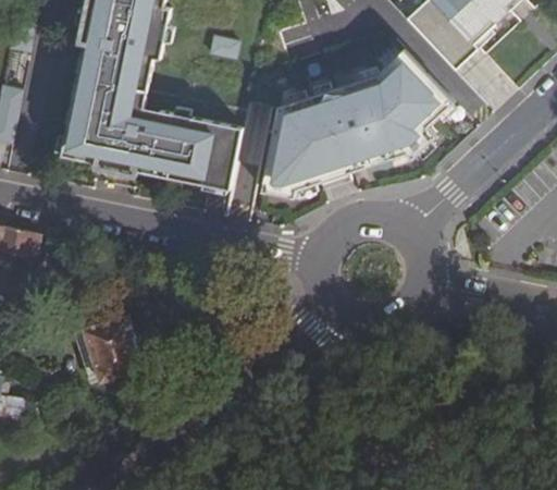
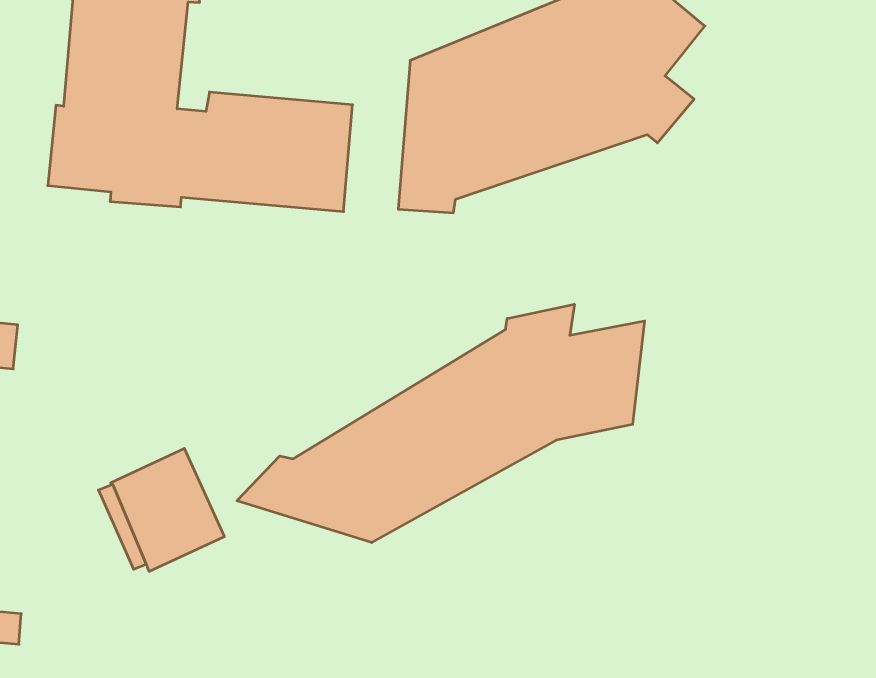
building: none -> [237,304,645,543]

